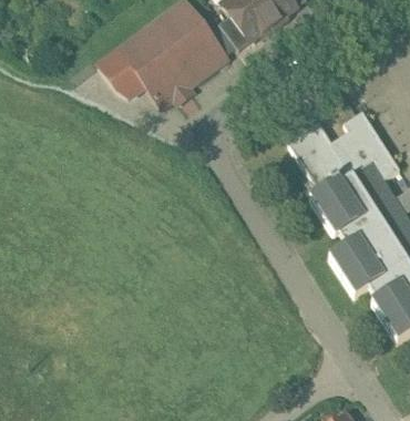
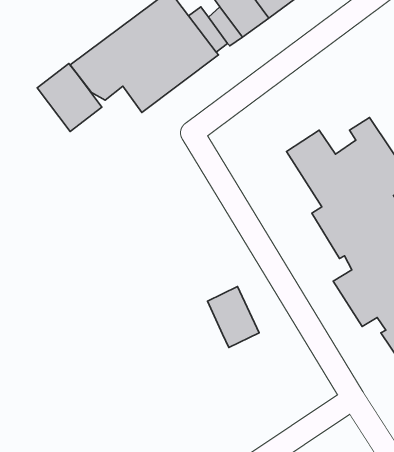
building: none -> [37,64,102,131]
building: none -> [207,287,259,347]

